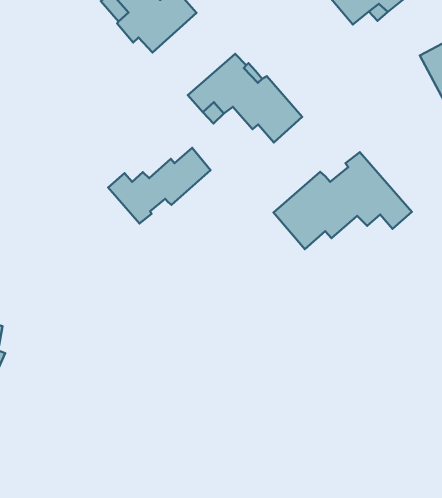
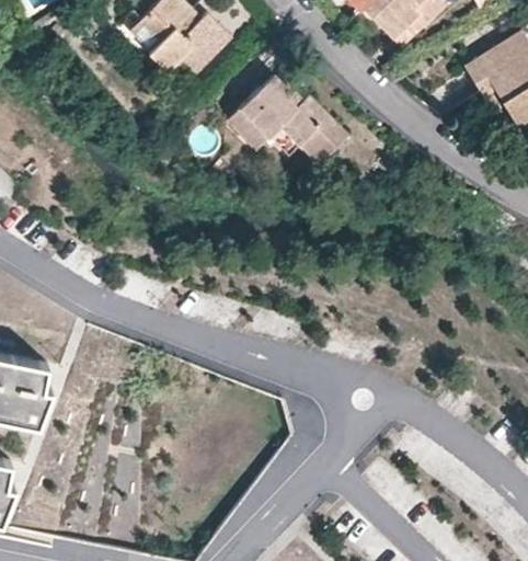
building: [108,148,211,223] -> none
building: [274,152,412,249] -> none

